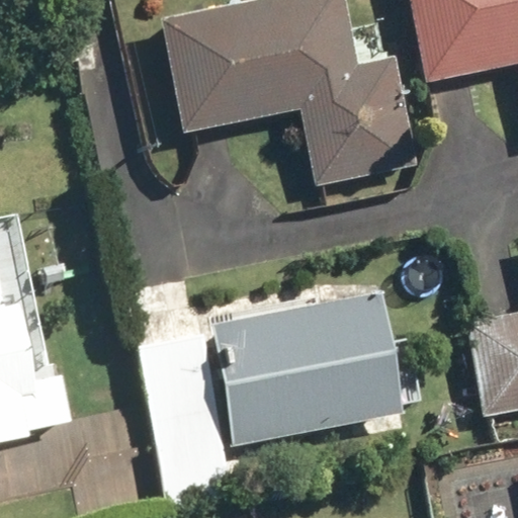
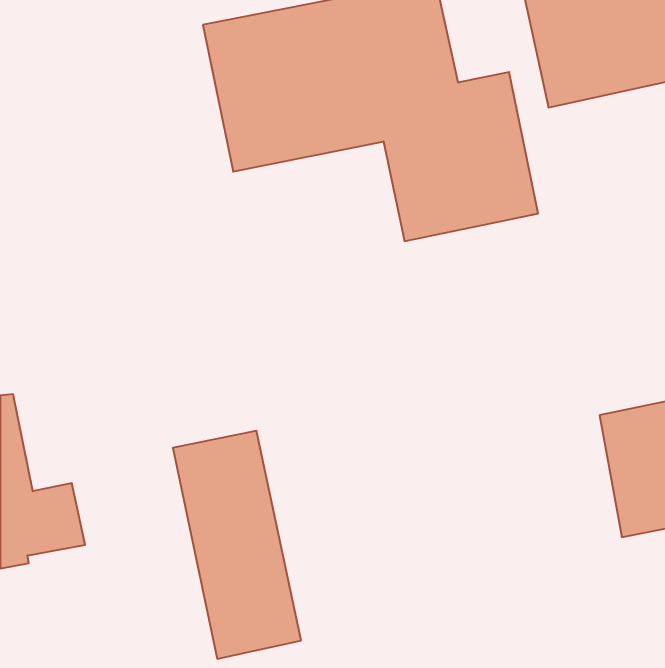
building: [213,291,400,445] -> none

